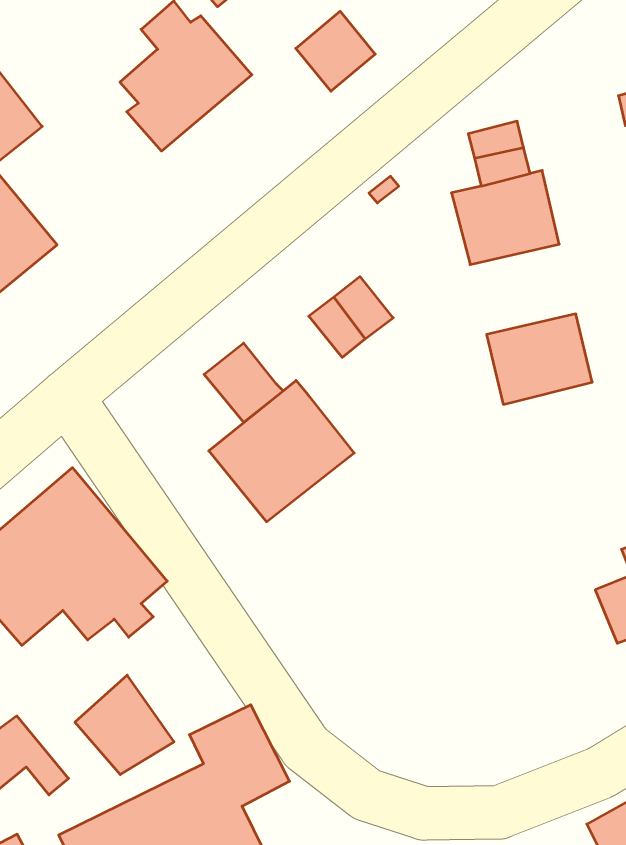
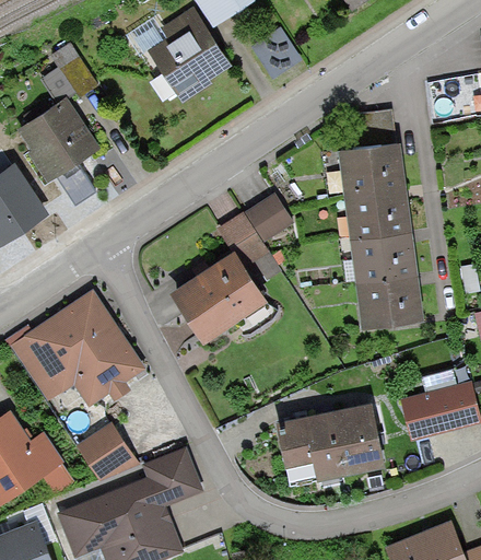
building: none -> [349,188,410,238]
building: [204,343,283,422] -> [221,215,268,264]
building: none -> [360,275,422,327]
building: none -> [277,408,382,480]

